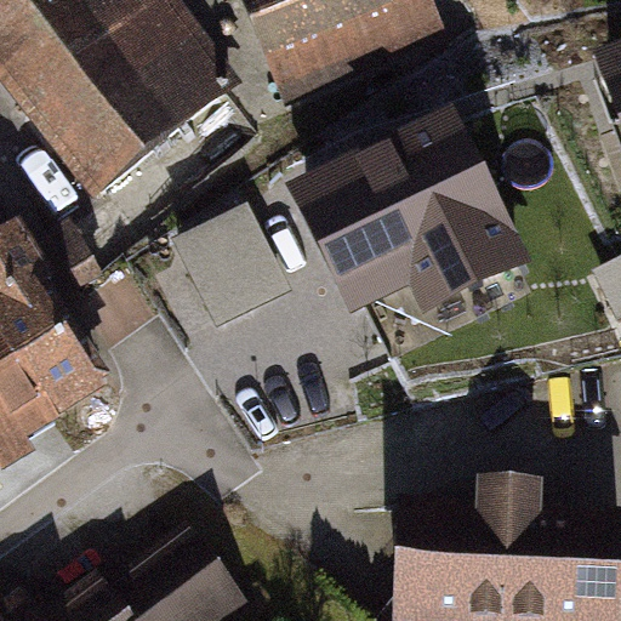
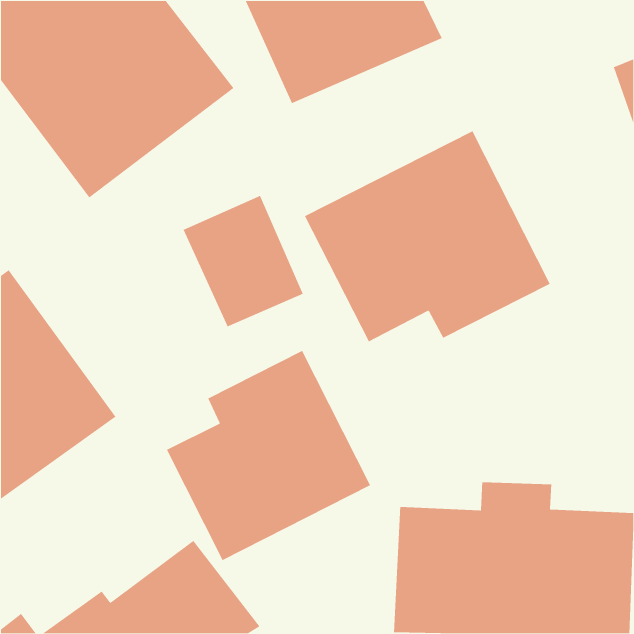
building: none -> [166,350,371,561]

